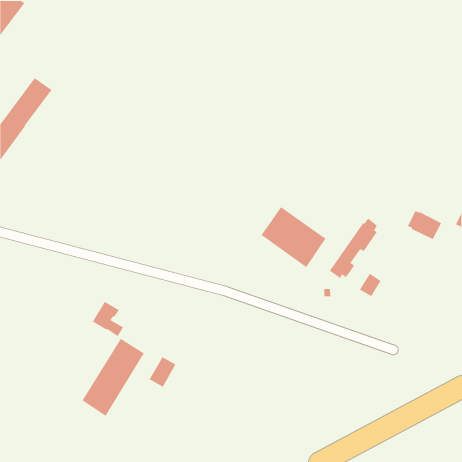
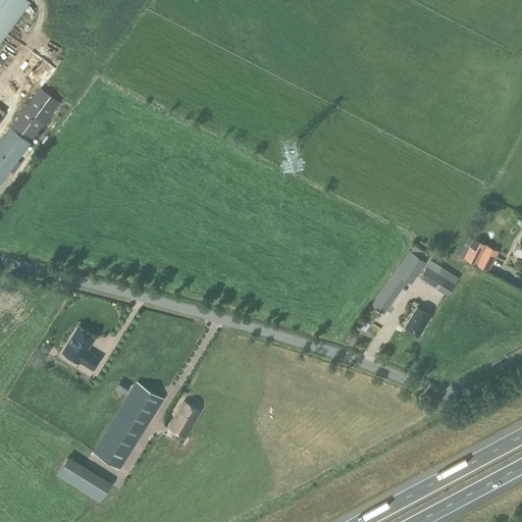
building: [261,206,327,268] -> none
building: none -> [419,261,453,296]
building: [92,301,124,337] -> [61,329,98,370]
building: none -> [54,457,111,503]

